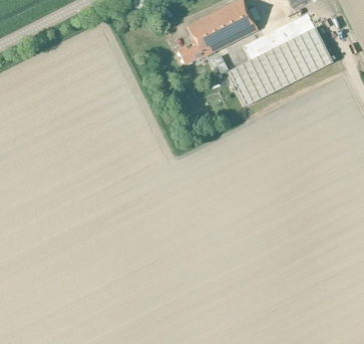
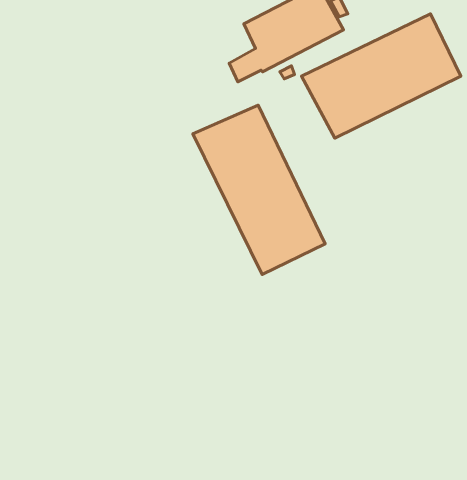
building: none -> [193,105,325,275]

